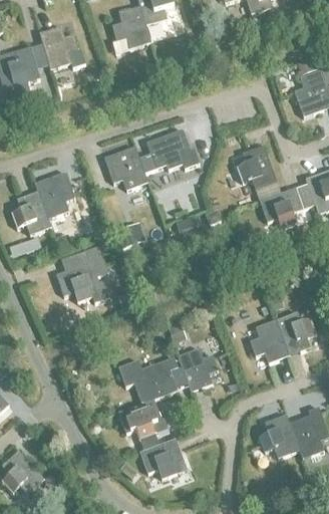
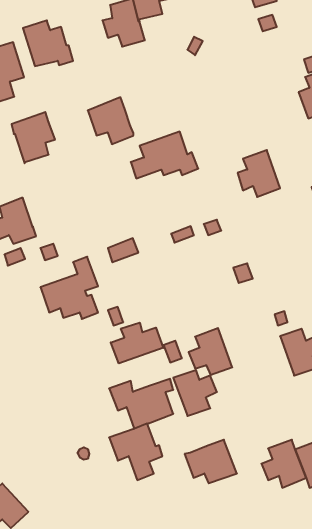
building: [104,146,146,189] -> [88,97,133,144]
building: [36,170,76,217] -> [12,112,55,163]
building: [259,188,301,227] -> none
building: none -> [111,323,163,363]
building: [249,317,289,360] -> [189,328,232,375]
building: [139,438,188,478] -> [185,440,237,483]

